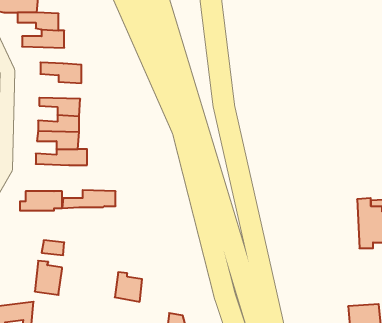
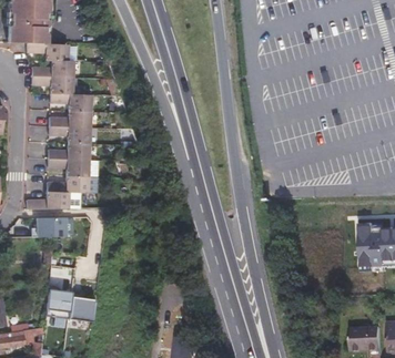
building: none -> [31,75,72,92]
building: none -> [48,110,89,126]
building: [62,190,116,208] -> [24,190,77,207]
building: [115,272,142,302] -> [67,291,93,320]

